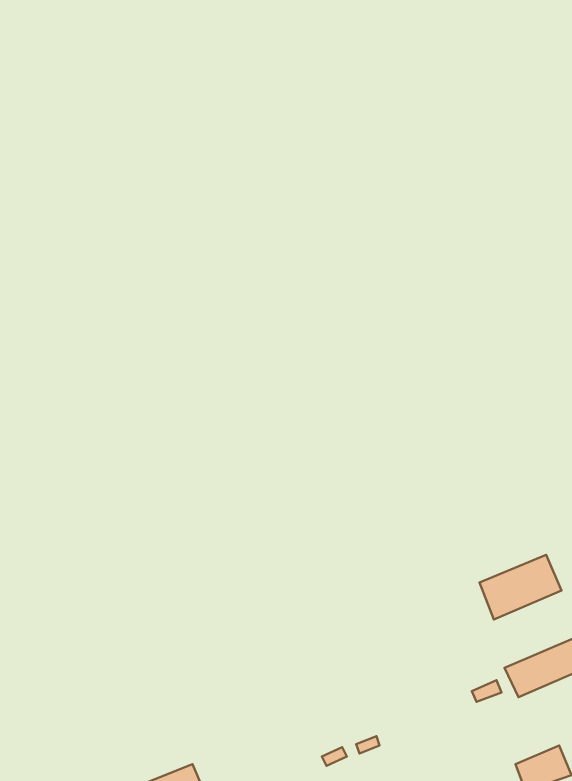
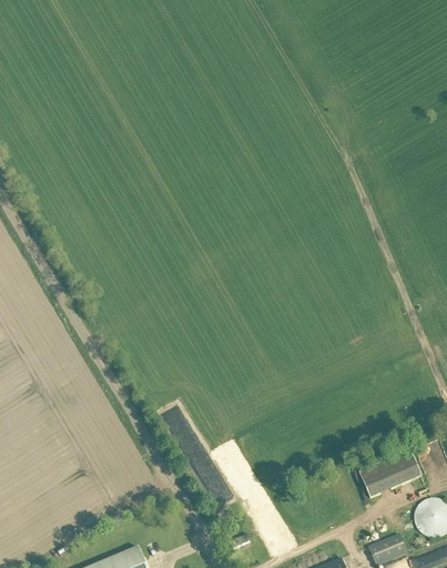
building: [479,555,561,619] -> none

